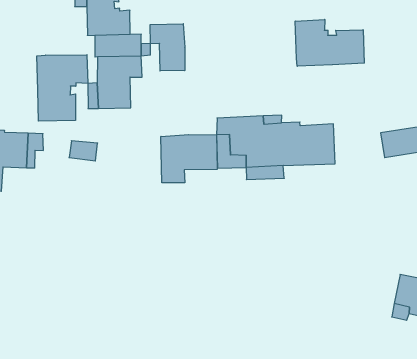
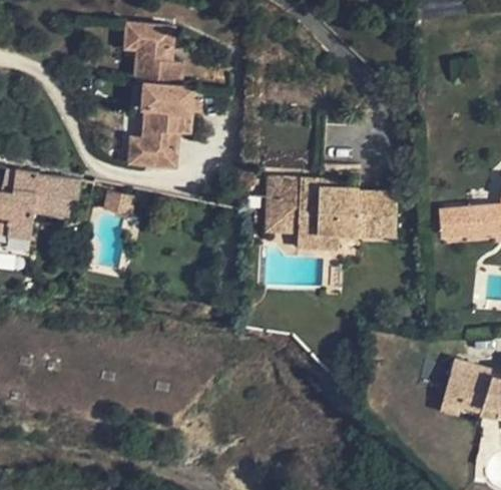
building: [295,19,364,66] -> none
building: [150,24,185,71] -> none
building: [37,55,88,121] -> none
building: [161,135,217,183] -> none

